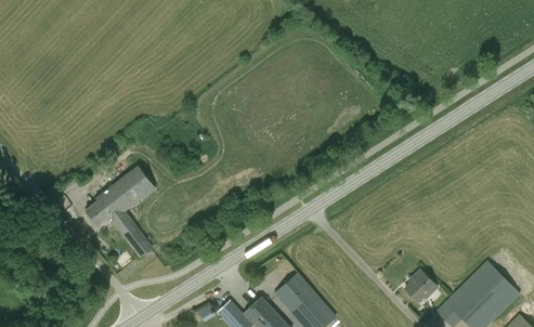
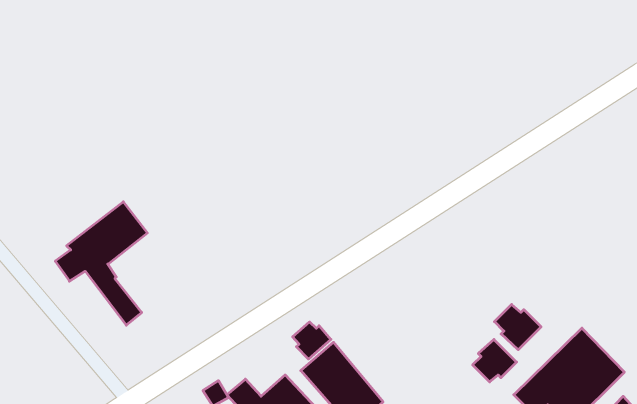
building: none -> [494,304,541,350]
building: none -> [293,322,331,359]

